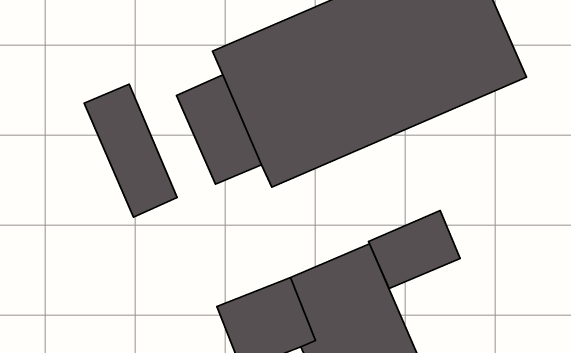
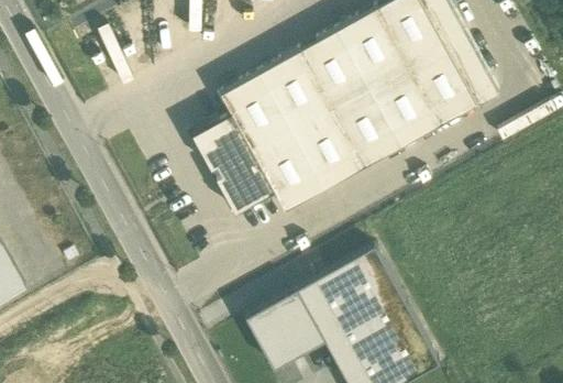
building: [84,84,177,217] -> none
building: [368,211,460,288] -> none

